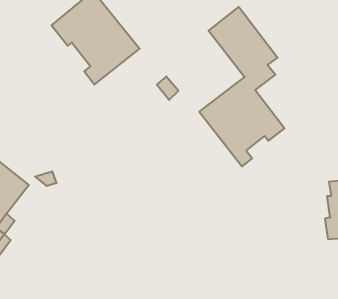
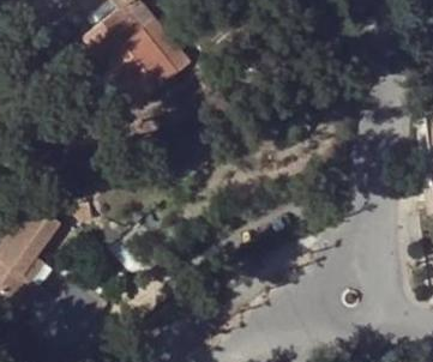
building: [199,7,284,166] -> none

